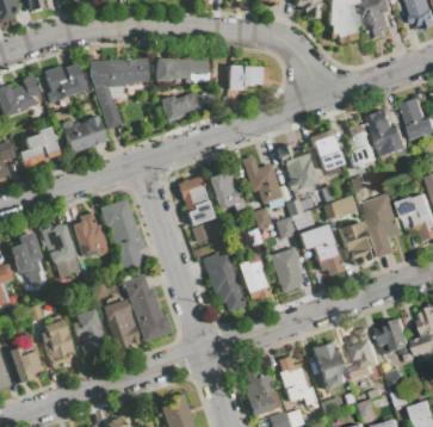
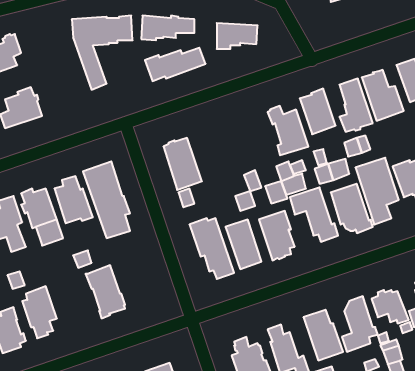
building: [44,63,87,103] -> none
building: [61,116,109,153] -> none
building: [242,155,283,204] -> none
building: [209,166,246,211] -> none
building: [124,274,173,341] -> none
building: [74,309,106,346] -> none

